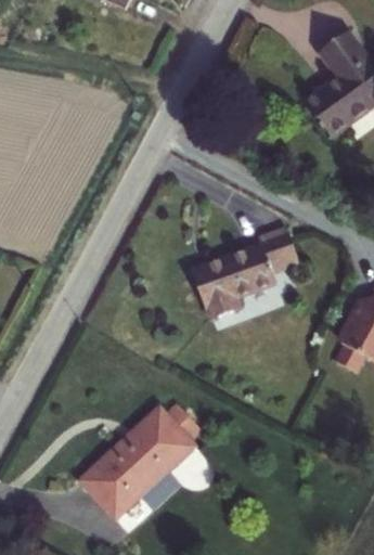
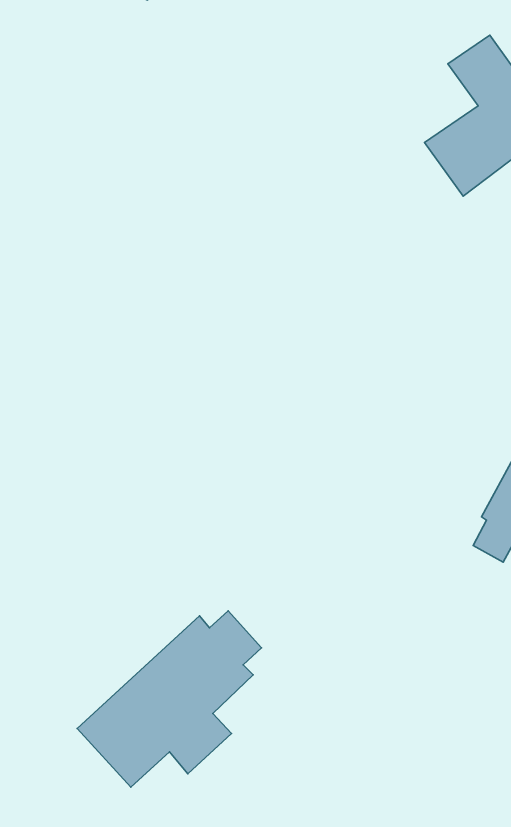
building: [194,227,297,318] -> none

